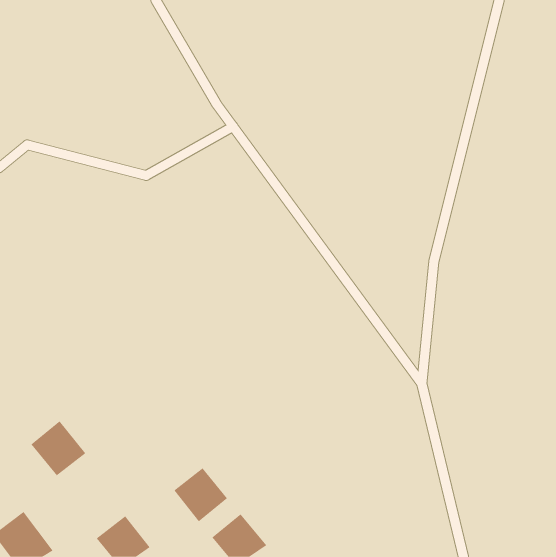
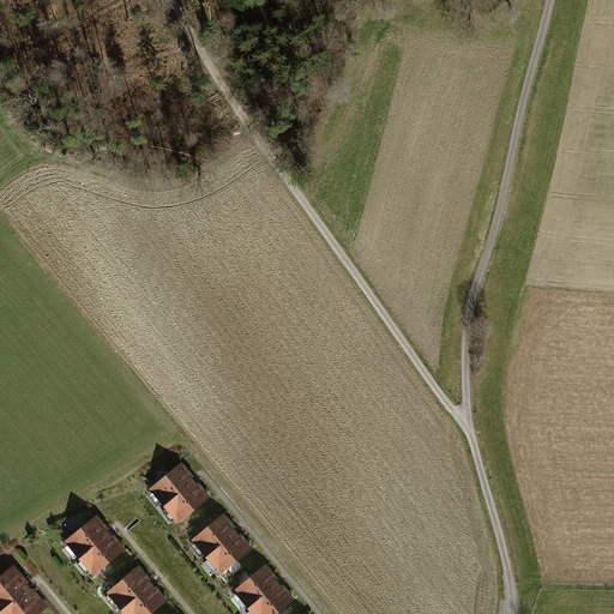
building: none -> [148,462,209,524]
building: [30,421,86,476] -> [62,514,124,576]

